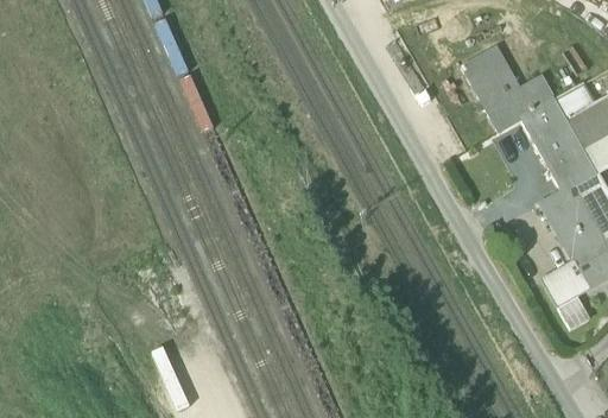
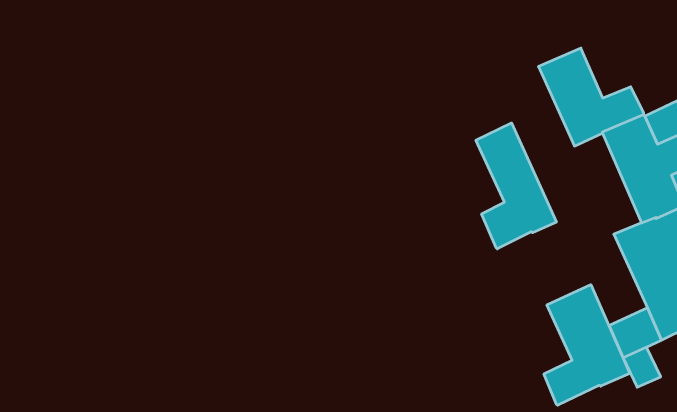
building: none -> [476,123,556,249]
building: none -> [544,285,630,405]

